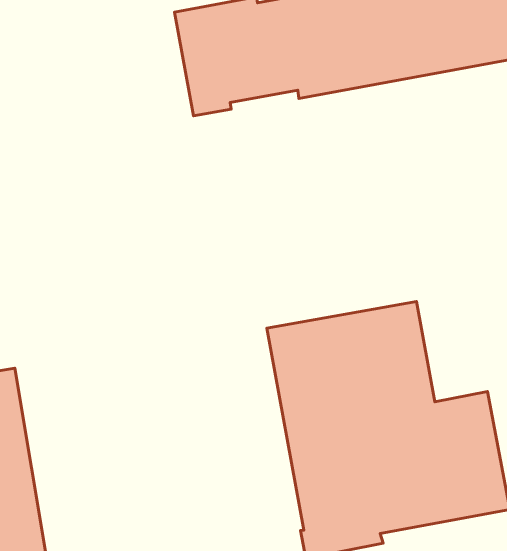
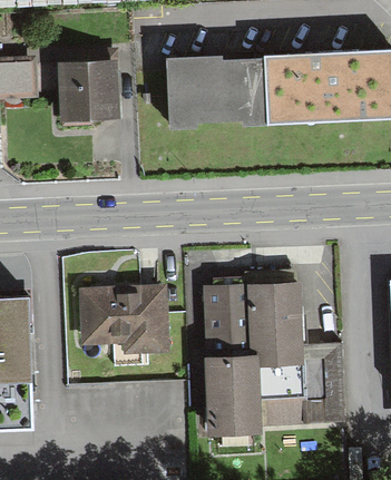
building: none -> [55,51,119,128]
building: none -> [75,276,170,351]

